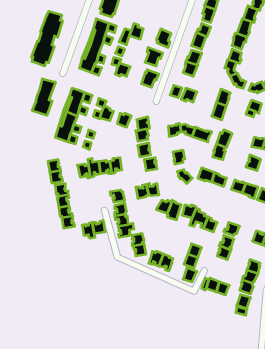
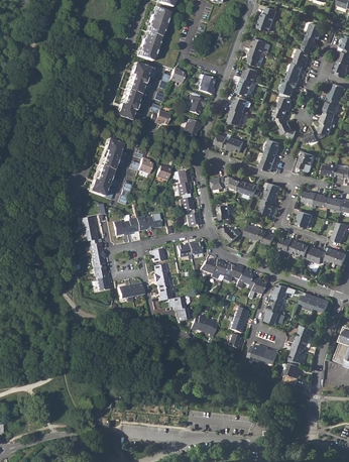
building: [32,11,62,66] -> none
building: [32,79,55,115] -> none

